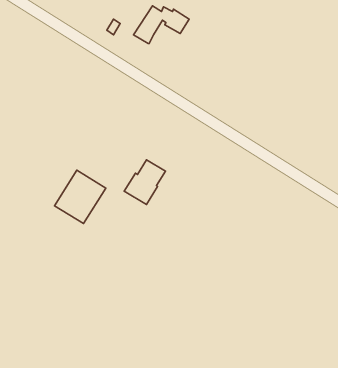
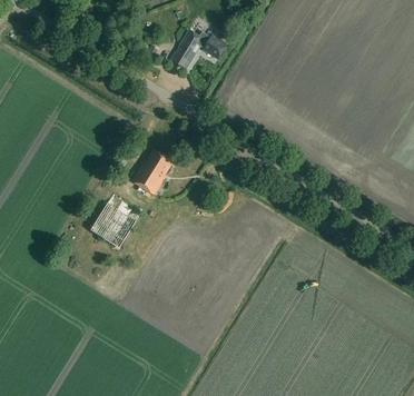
building: [124,160,165,204] -> [130,149,171,194]

